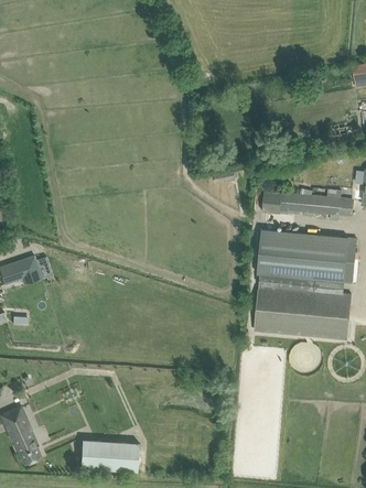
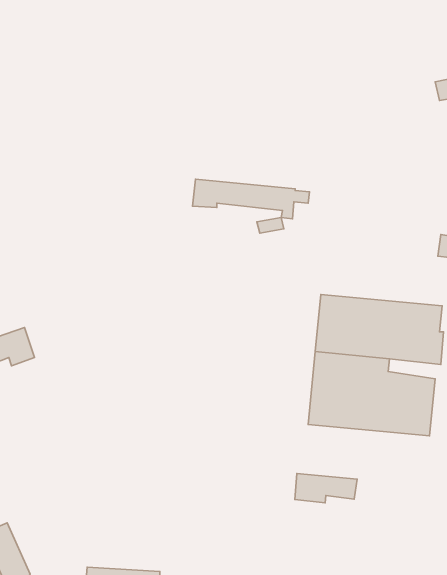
building: [261,191,352,221] -> [193,179,310,219]
building: none -> [295,473,357,503]

